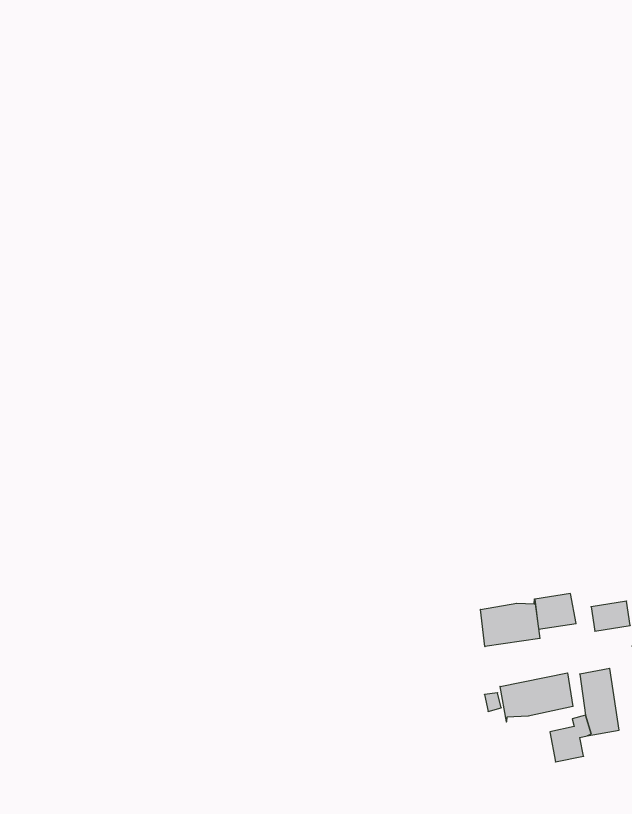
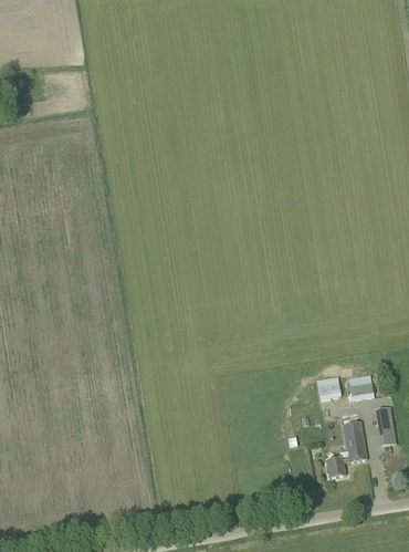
building: [480,599,540,647] -> none
building: [500,673,573,722] -> none

